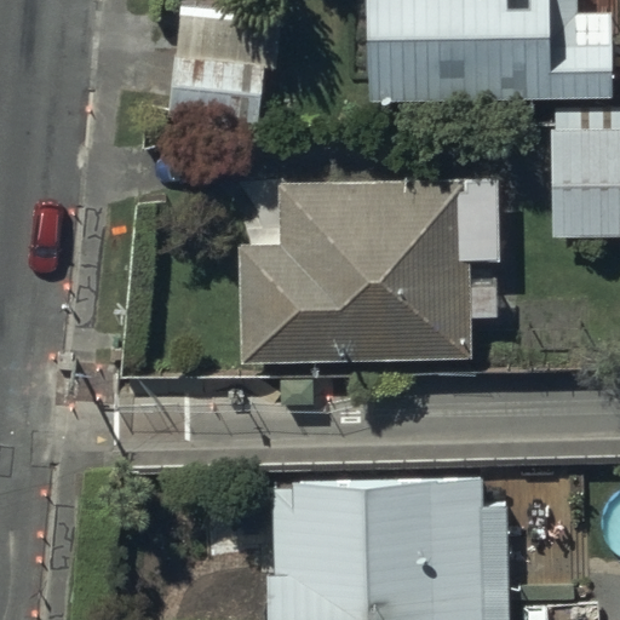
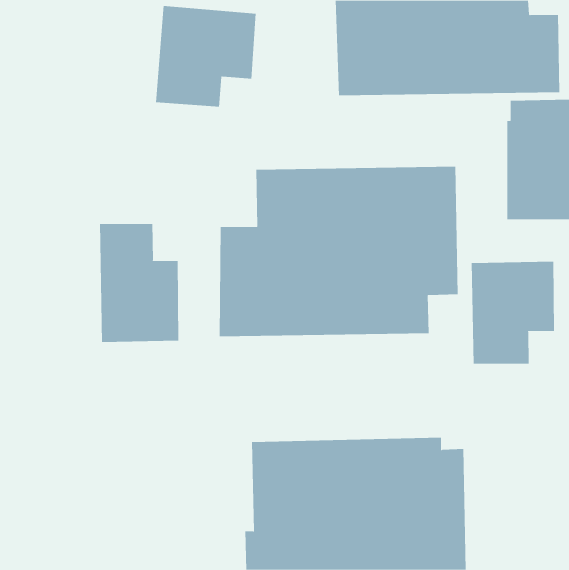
building: none -> [100,223,179,343]
building: none -> [471,261,554,365]

